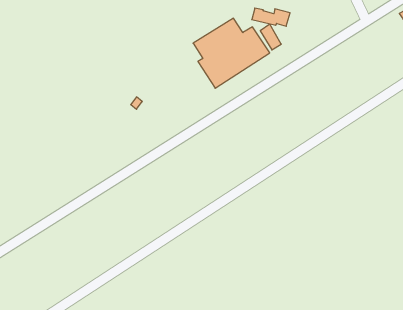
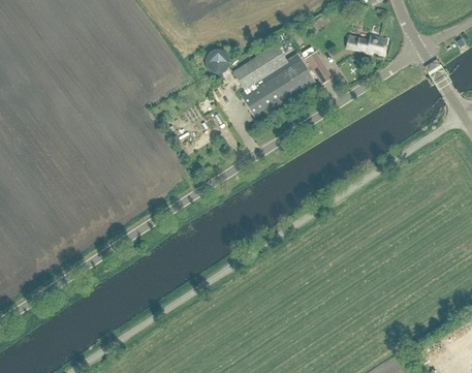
building: [252,8,290,26] -> [346,33,387,53]
building: none -> [206,48,230,72]

